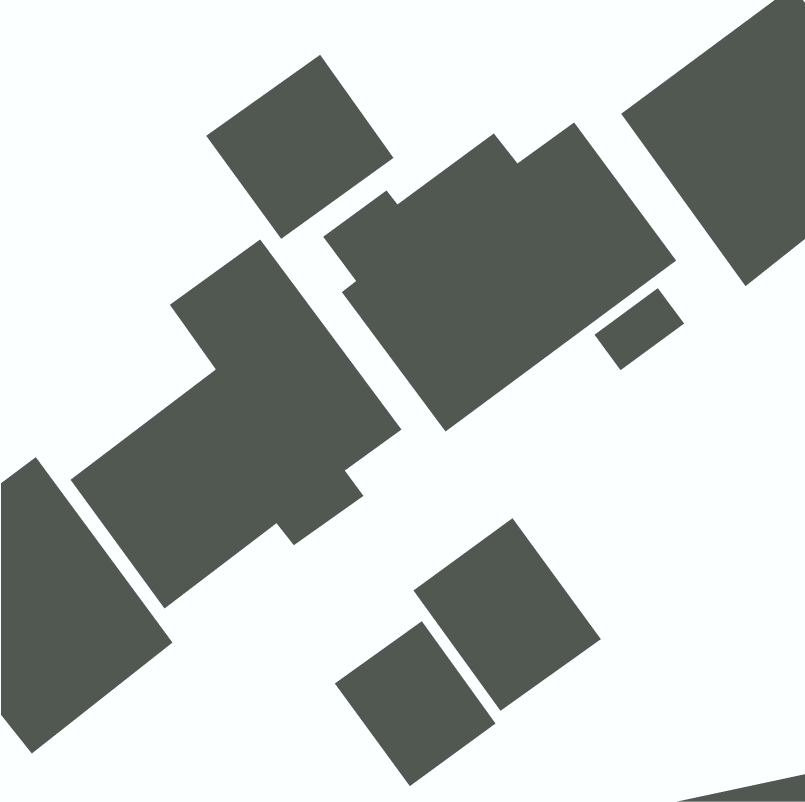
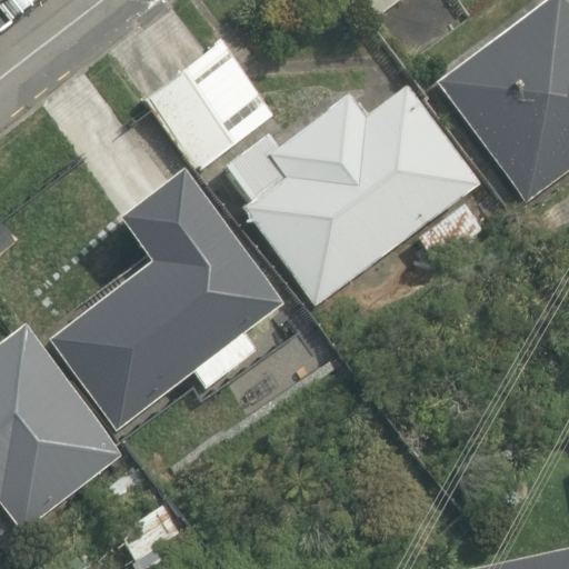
building: [413,517,602,712] -> none
building: [334,620,496,787] -> none

